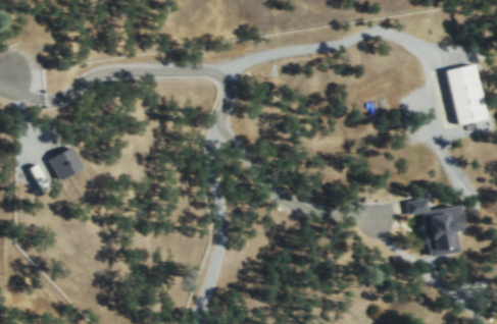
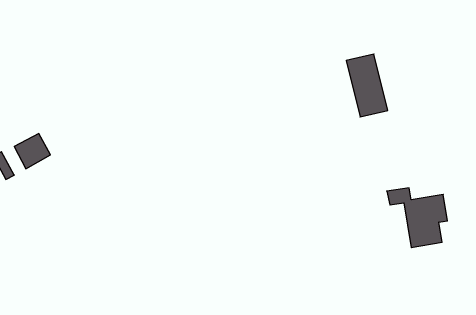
building: [447,64,487,124] -> [346,54,388,117]

